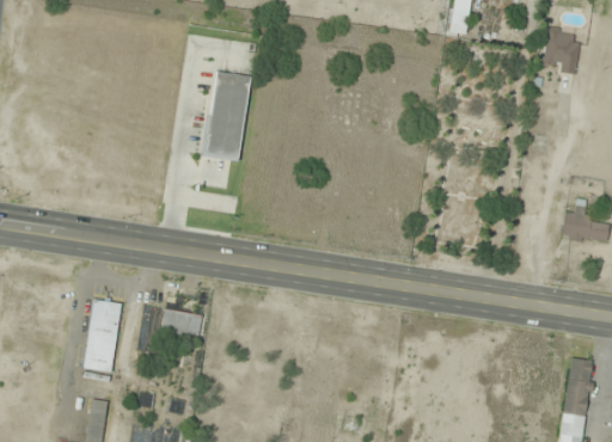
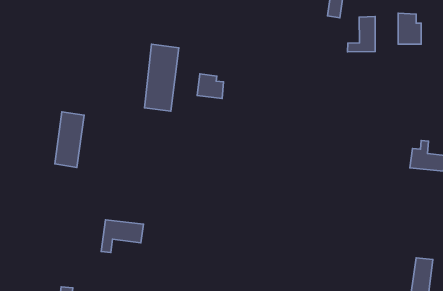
building: none -> [348,17,375,52]
building: none -> [197,74,223,98]
building: [82,297,122,373] -> [55,112,84,167]

